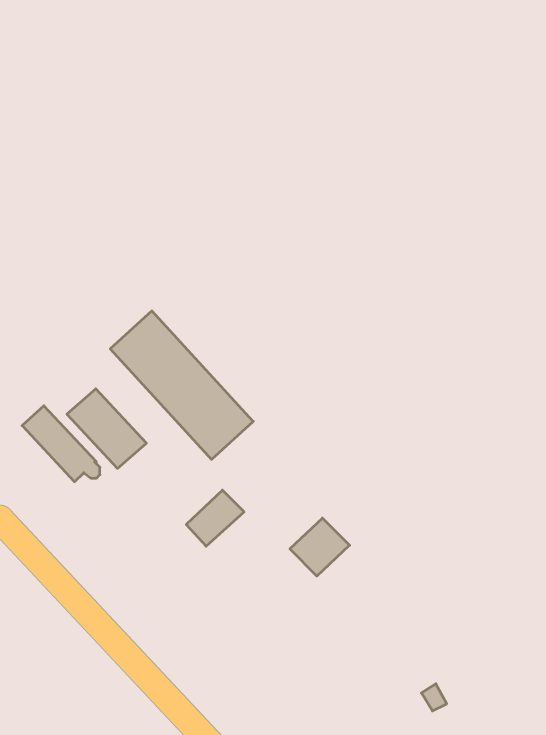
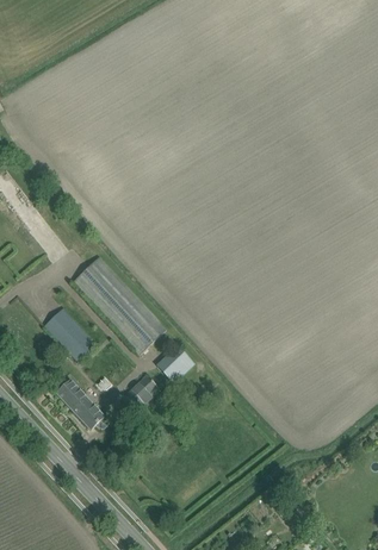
building: [22,406,100,482] -> [56,380,107,430]
building: [290,518,350,576] -> [156,345,196,383]

